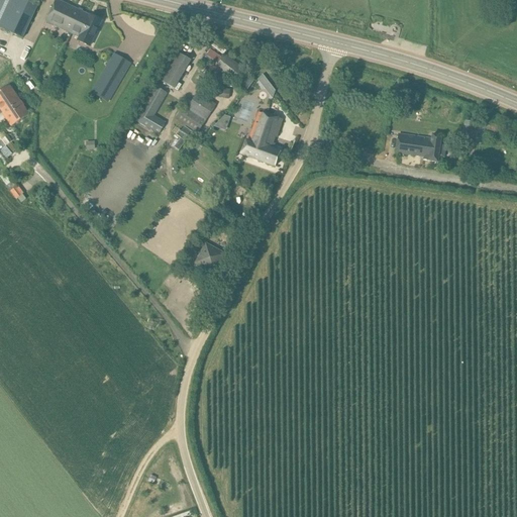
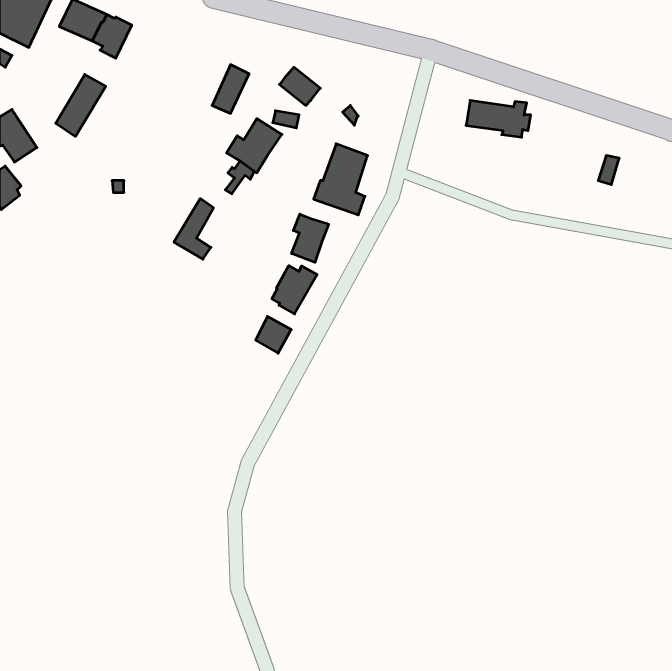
building: [92,53,130,100] -> [56,74,106,136]
building: [135,85,166,131] -> [174,199,213,259]
building: [395,132,444,161] -> [466,100,531,137]
building: none -> [292,214,329,262]
building: none -> [272,266,317,314]

